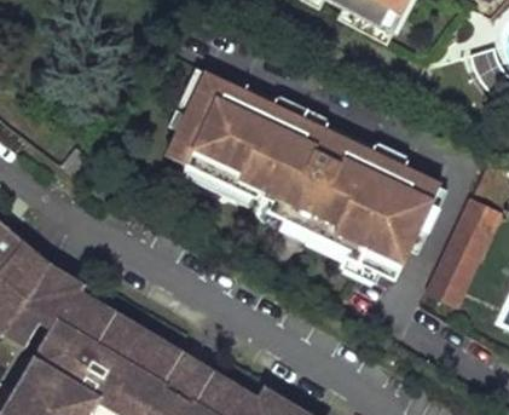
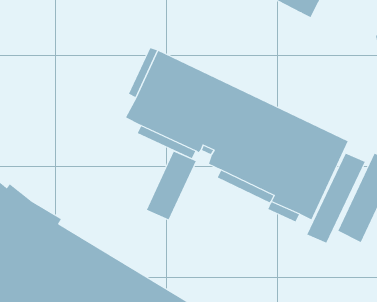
building: none -> [146,151,196,220]
building: none -> [306,153,366,244]

